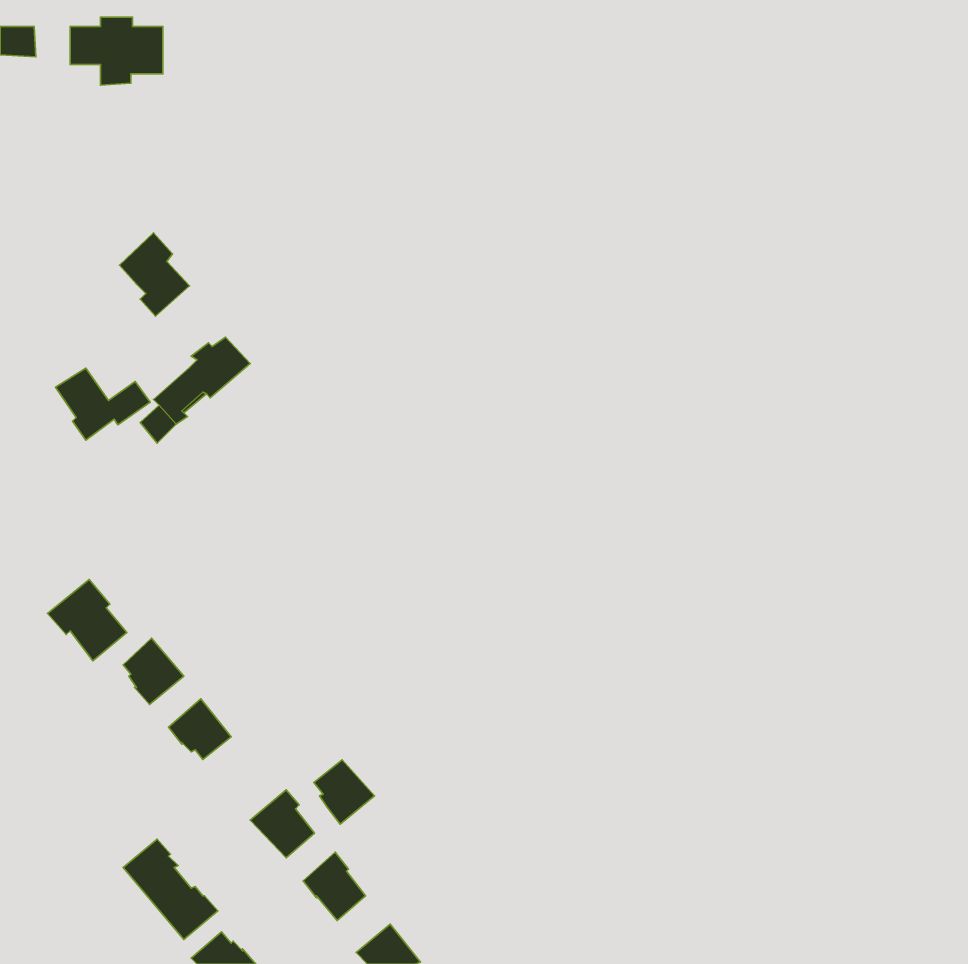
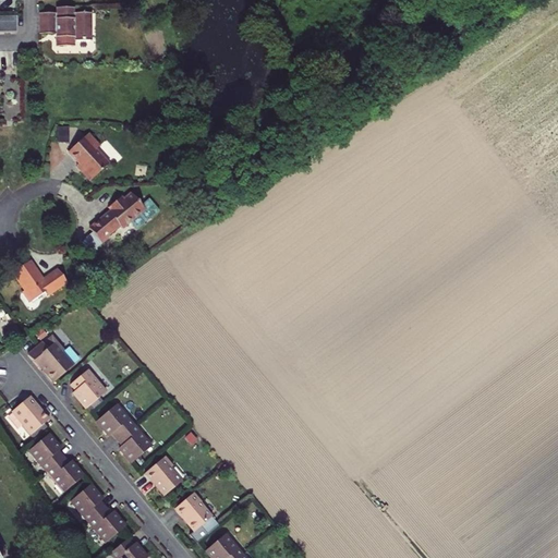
building: [55,368,150,440] -> [11,262,65,303]
building: none -> [12,395,49,434]
building: none -> [28,433,83,490]
building: [314,760,374,824] -> [117,424,151,461]

